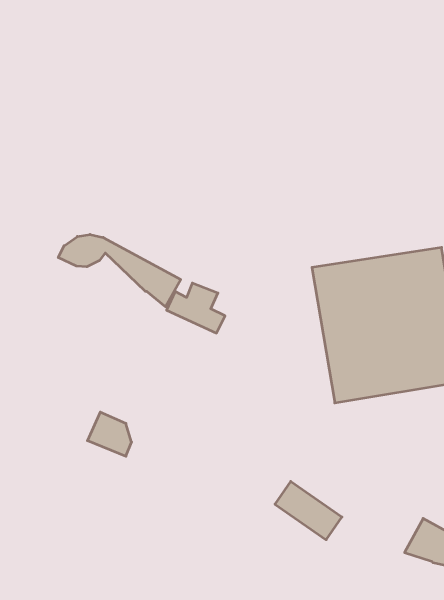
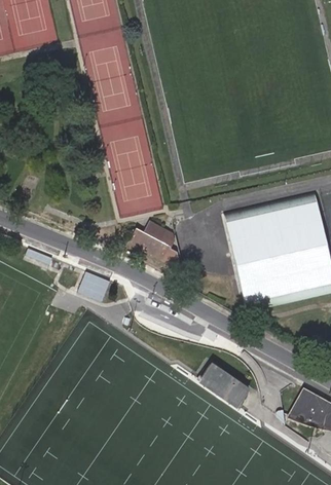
building: [58,234,181,307] -> none
building: [87,412,132,456] -> [76,273,108,305]

